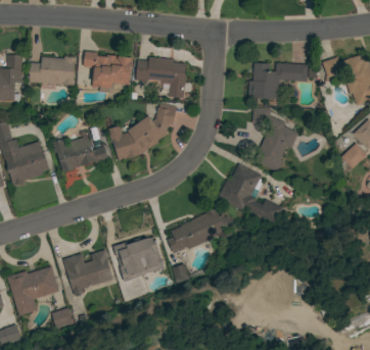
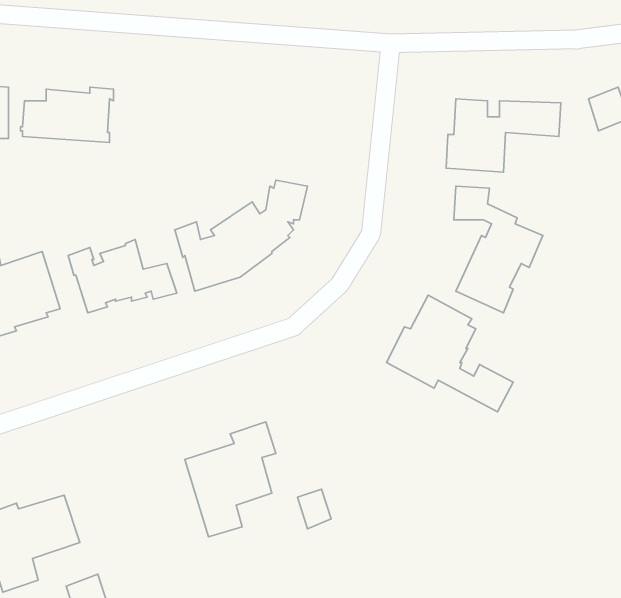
building: [84,51,133,93] -> none
building: [136,57,191,98] -> none
building: [168,208,232,254] -> none
building: [63,249,113,296] -> none

